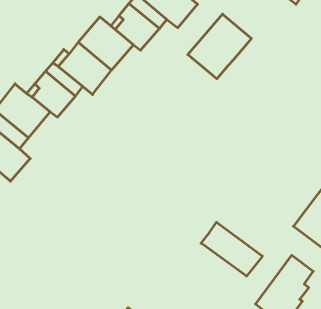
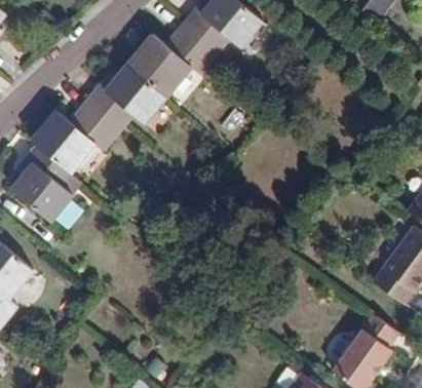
building: [188,14,251,79] -> none
building: [201,222,262,276] -> none

